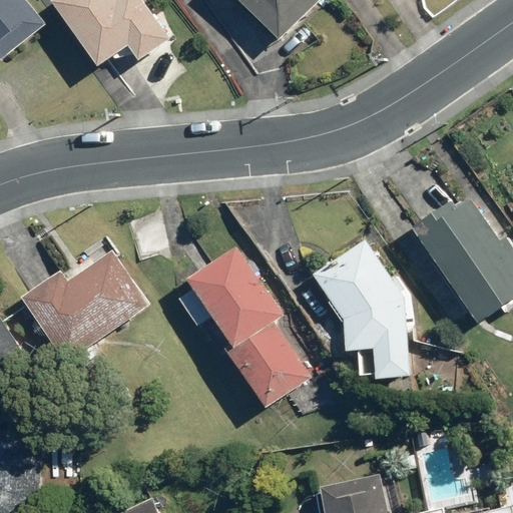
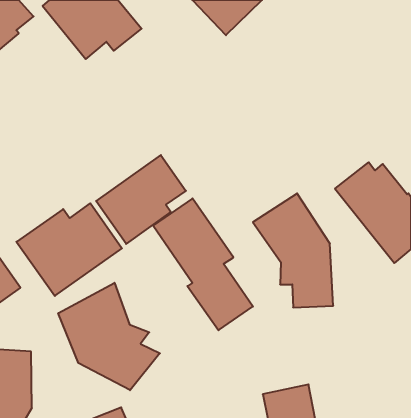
building: none -> [96,155,186,244]
building: none -> [58,283,160,390]

